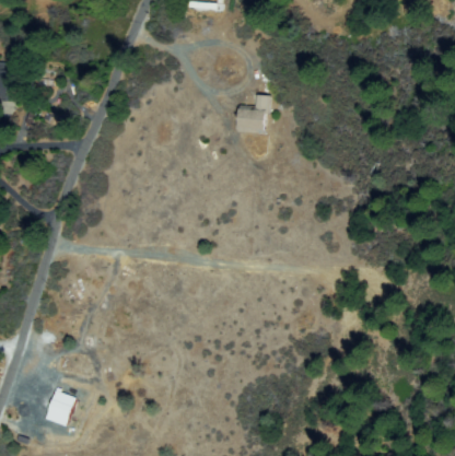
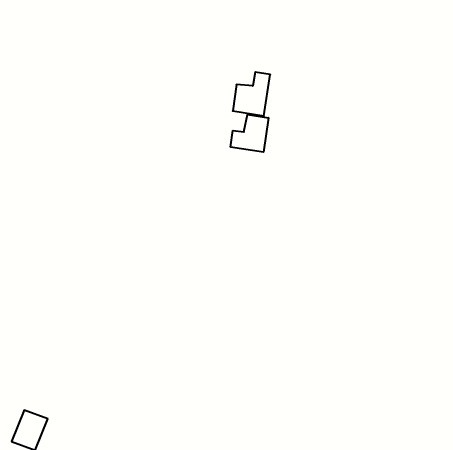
building: none -> [231,114,268,152]

